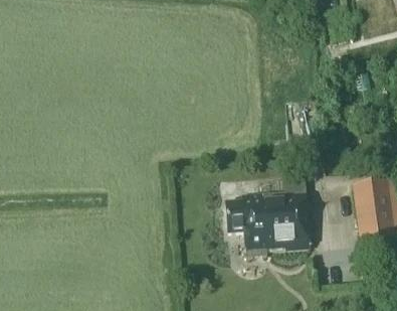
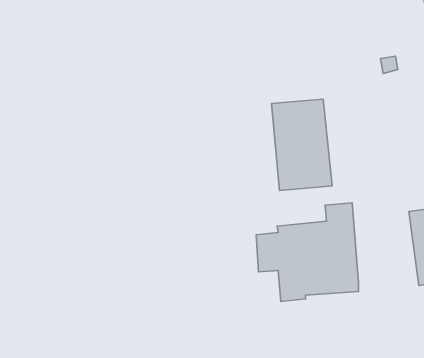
building: none -> [272,99,332,190]

